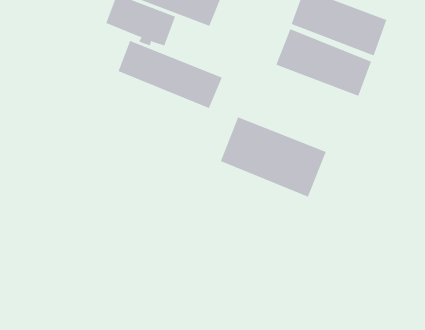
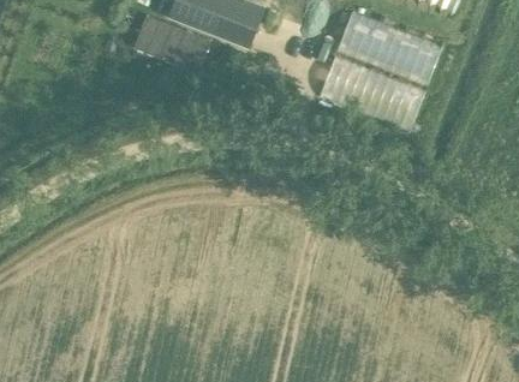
building: [118,40,222,109] -> none
building: [220,116,327,198] -> none

